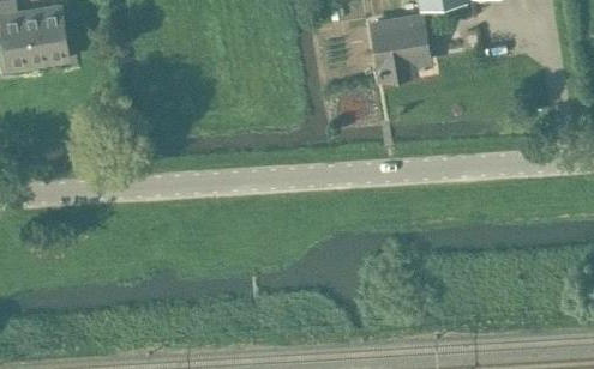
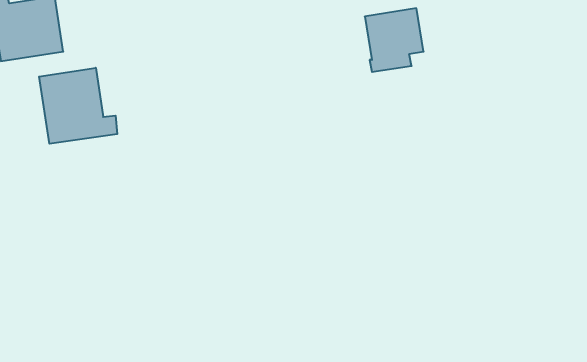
building: none -> [39,68,117,144]

